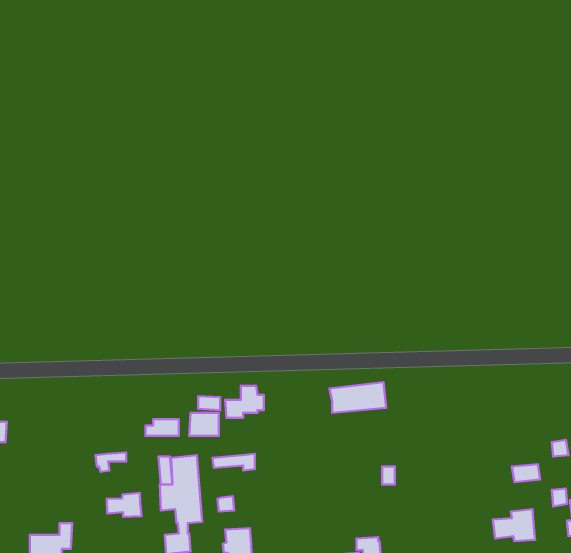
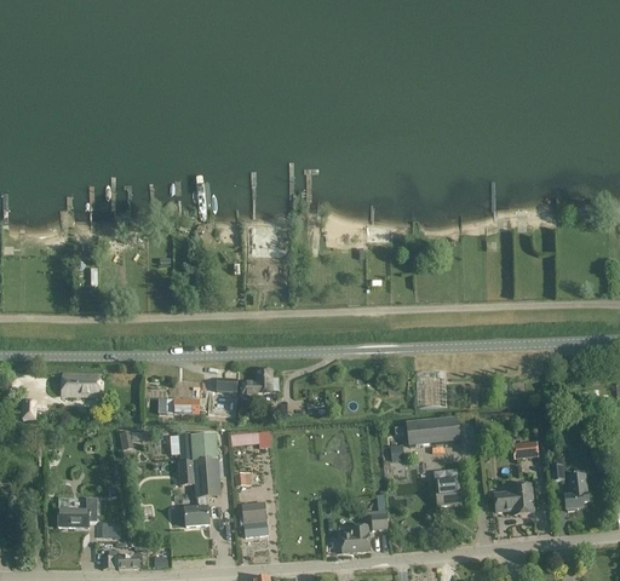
building: [329,382,386,413] -> [406,415,459,444]
building: none -> [62,370,101,392]
building: [107,493,142,517] -> none
building: none -> [435,479,461,505]

